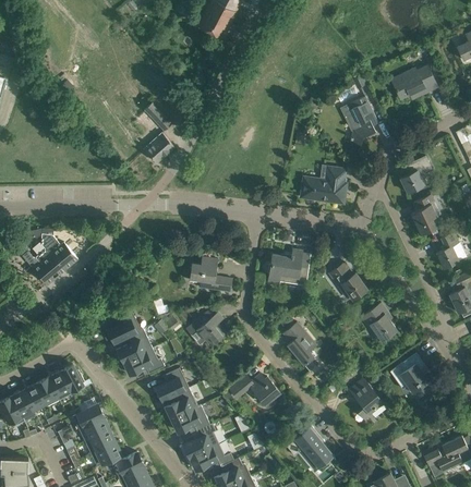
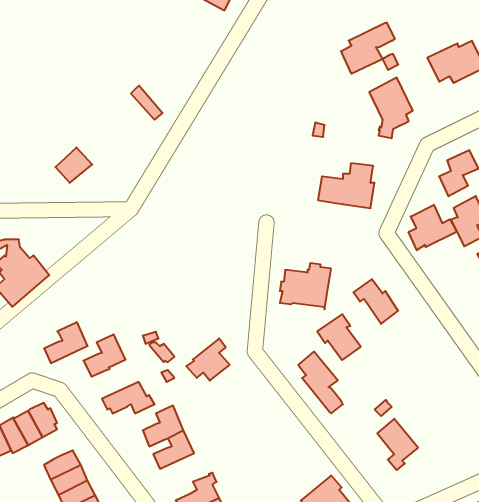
building: none -> [341,22,395,74]
building: [144,133,174,162] -> [55,147,92,183]
building: none -> [409,205,457,250]
building: [189,257,232,292] -> none
building: [361,303,397,341] -> [317,314,361,360]
building: [116,328,152,362] -> [44,322,88,363]
building: [390,353,428,393] -> none
building: [229,374,280,405] -> none
building: [169,405,210,431] -> none

